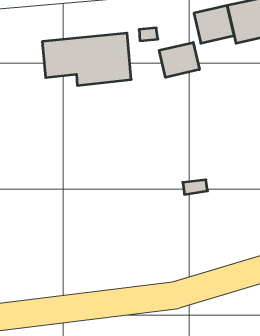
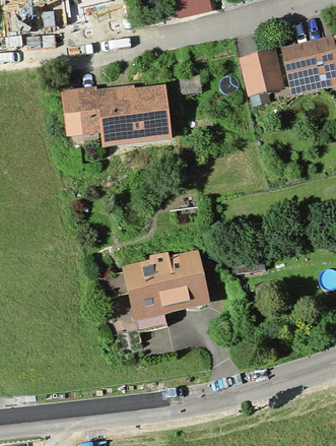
building: [159,42,199,77] -> none
building: none -> [126,254,206,320]

